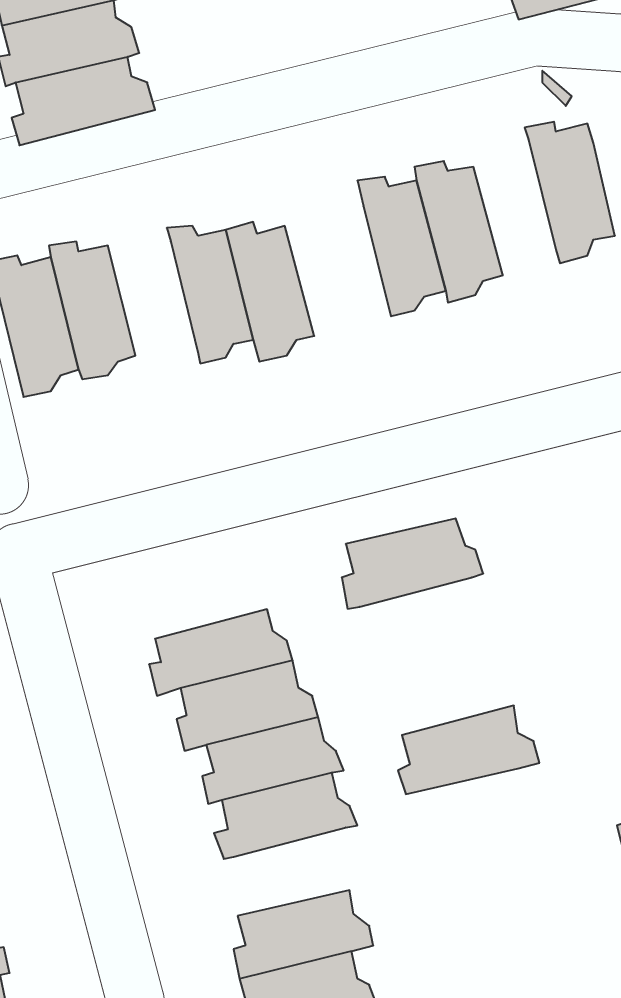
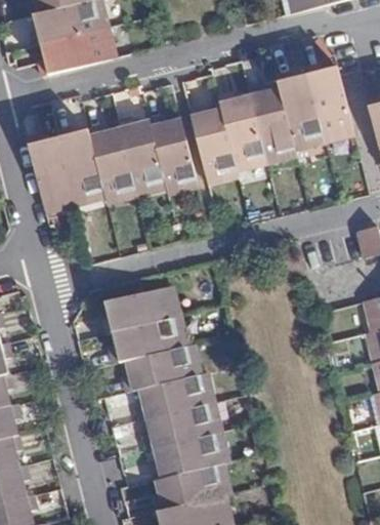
building: none -> [275,72,321,145]
building: none -> [187,106,235,178]
building: none -> [87,126,134,198]
building: [342,518,483,609] -> [102,288,176,335]
building: [398,706,539,794] -> [151,433,224,479]

